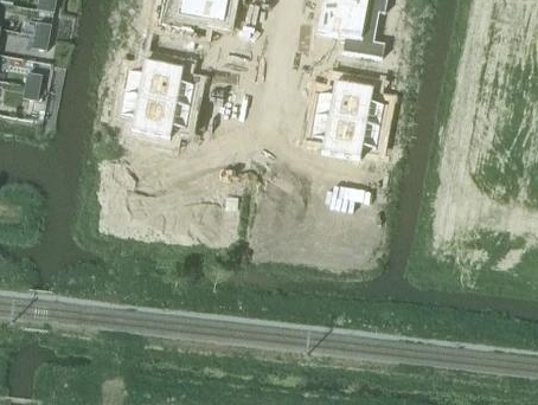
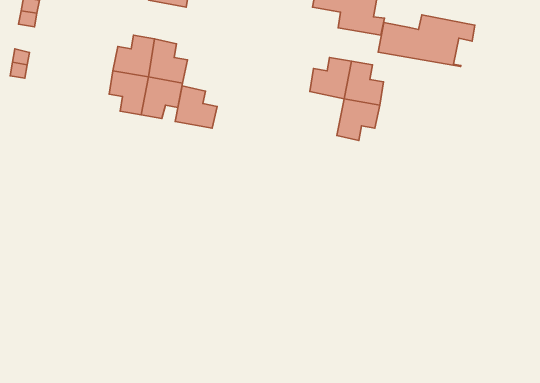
building: none -> [378,15,475,67]
building: none -> [175,86,217,128]
building: [308,111,346,154] -> none

